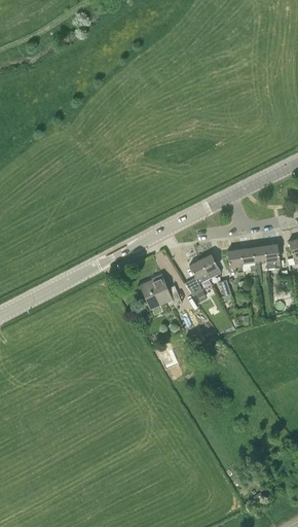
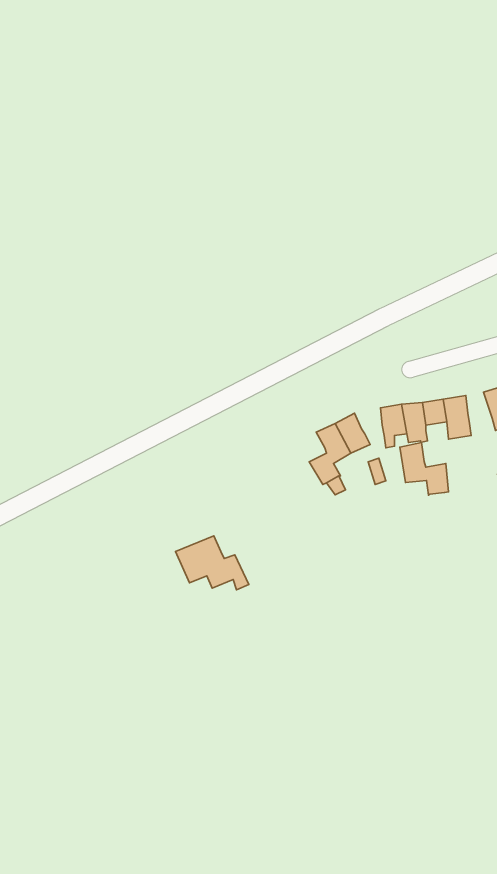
building: none -> [400,442,448,495]
building: [139,274,182,306] -> [175,536,249,590]

